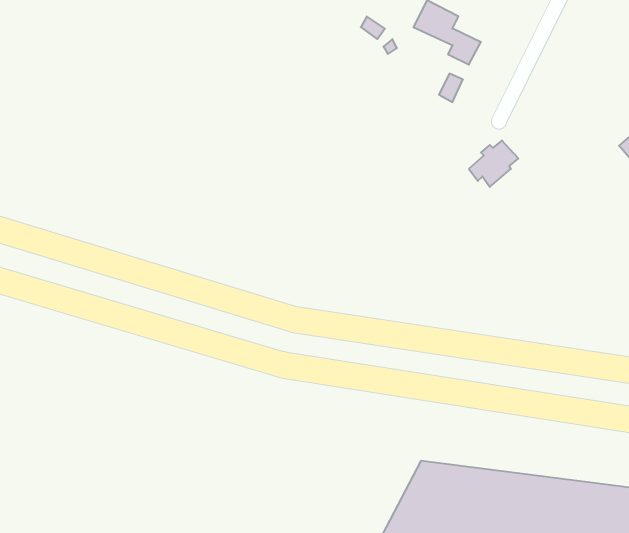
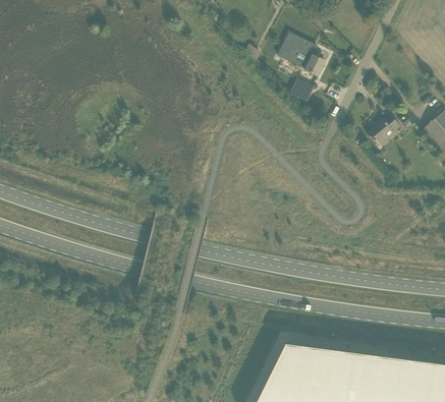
building: [469,140,518,187] -> [368,114,401,146]

